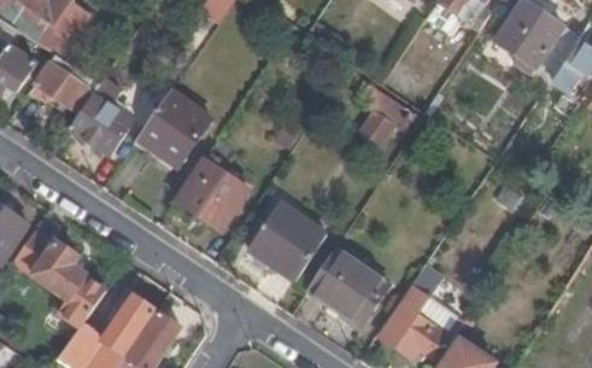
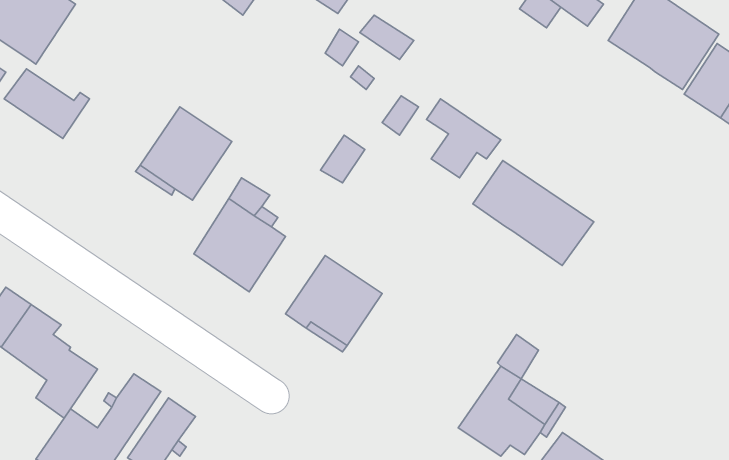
building: [68,71,133,156] -> none
building: none -> [473,160,594,265]
building: [310,245,392,323] -> none

